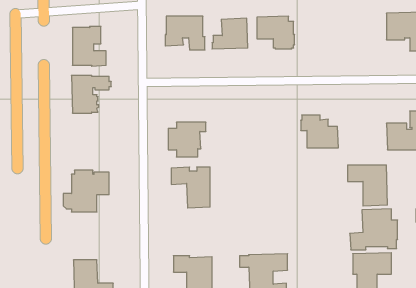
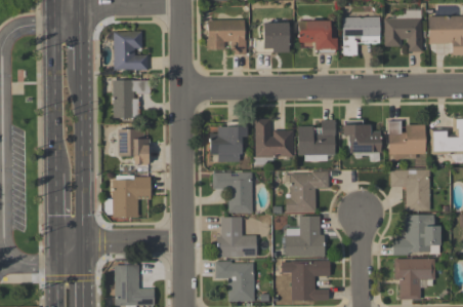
building: none -> [342,16,381,55]
building: none -> [385,17,423,51]
building: none -> [255,118,293,156]
building: none -> [298,119,336,155]
building: none -> [388,120,426,154]
building: none -> [119,128,150,164]
building: none -> [286,170,329,212]
building: none -> [285,216,325,257]
building: none -> [217,217,257,257]

